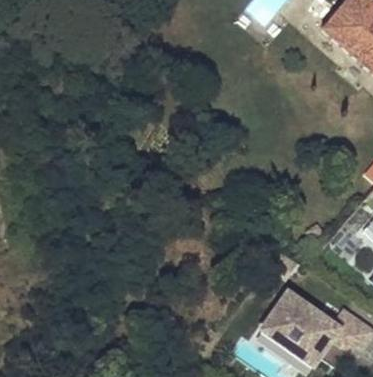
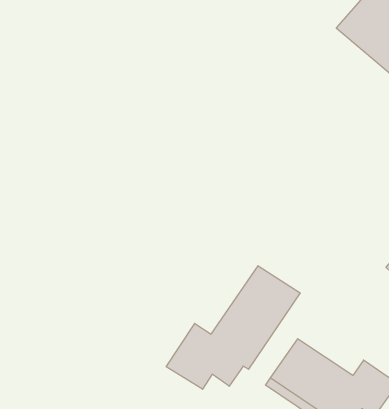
building: none -> [166,266,300,389]

